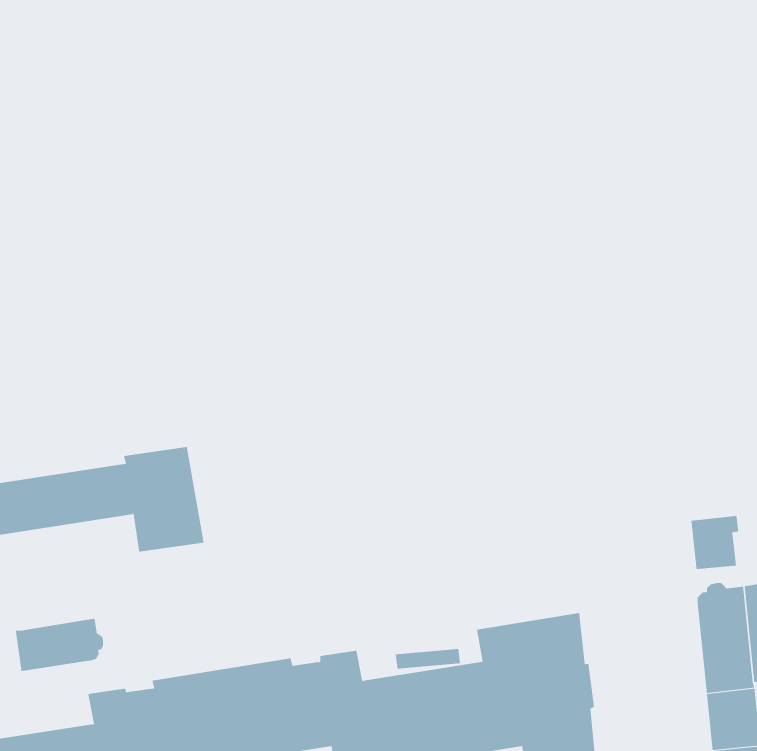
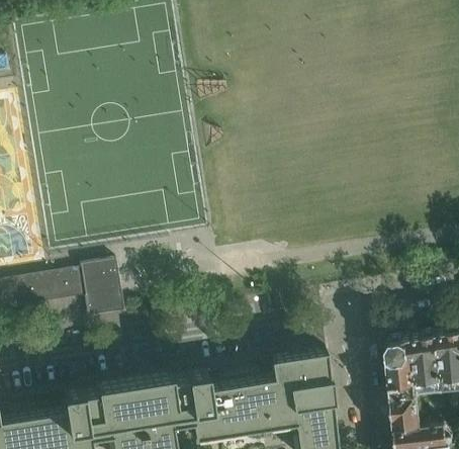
building: [691,515,739,570] -> none
building: [15,618,104,672] -> none

